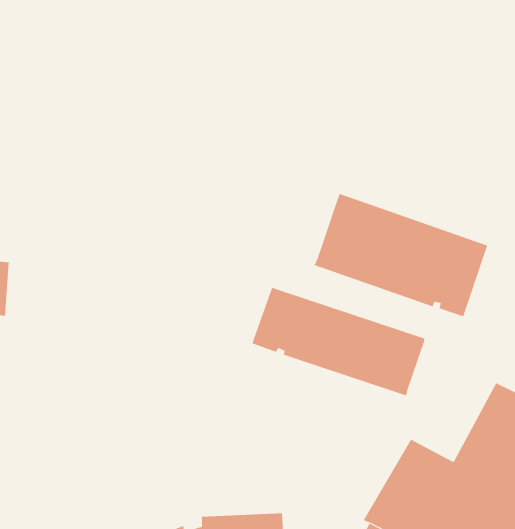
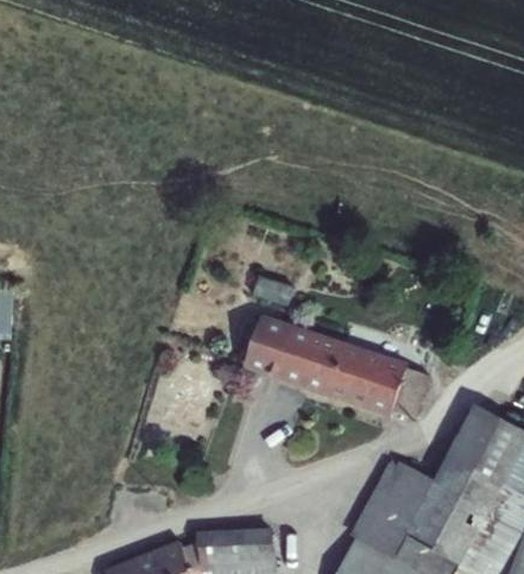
building: [314,193,488,317] -> none
building: none -> [391,370,429,421]

